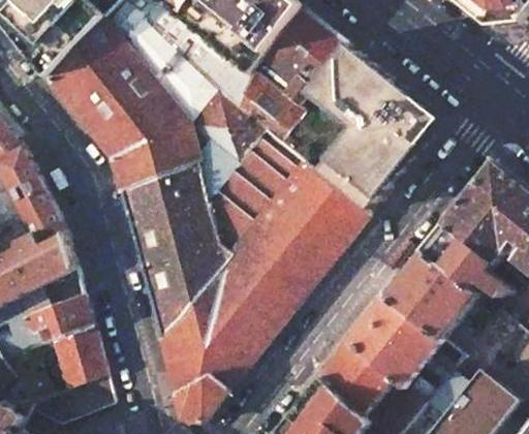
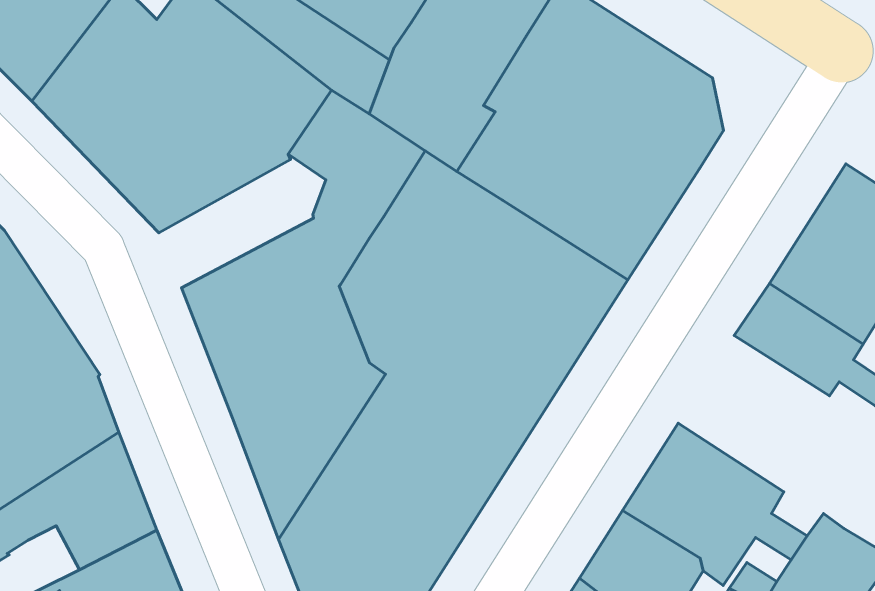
building: [110,123,206,191] -> none
building: [387,250,478,340] -> none

